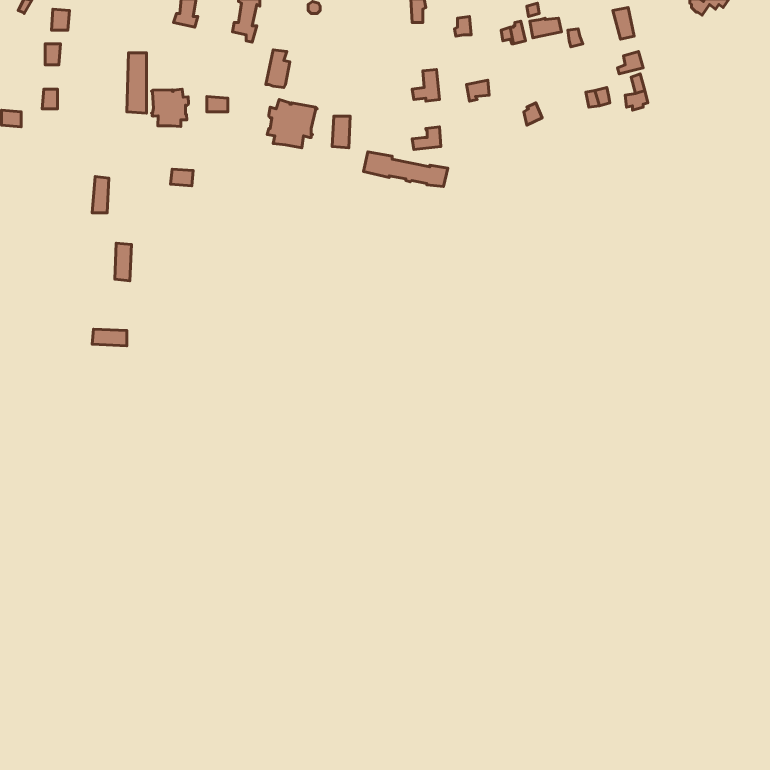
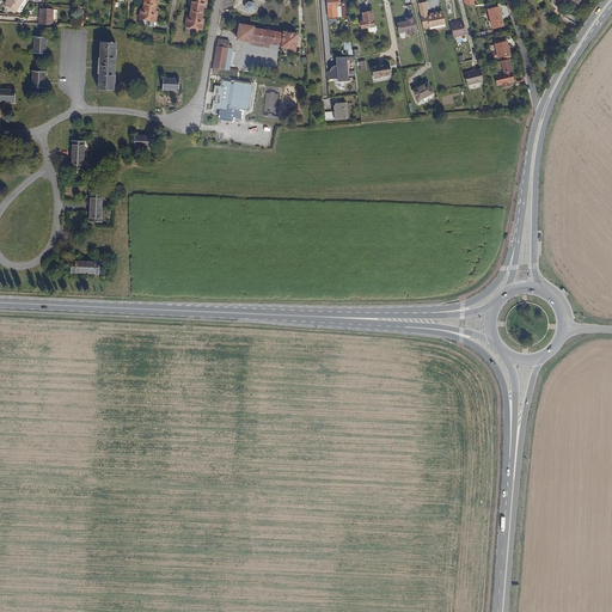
building: [151,89,188,126] -> none
building: [363,152,448,186] -> [228,22,295,49]

